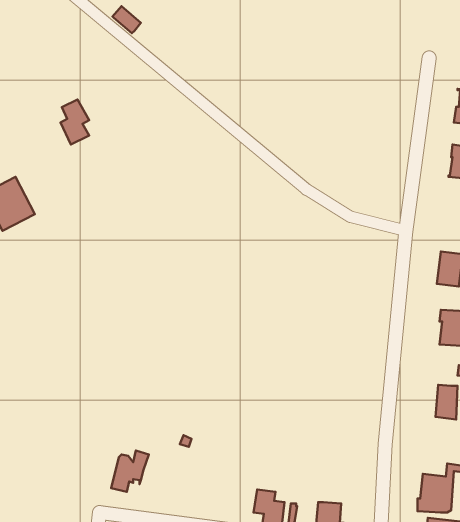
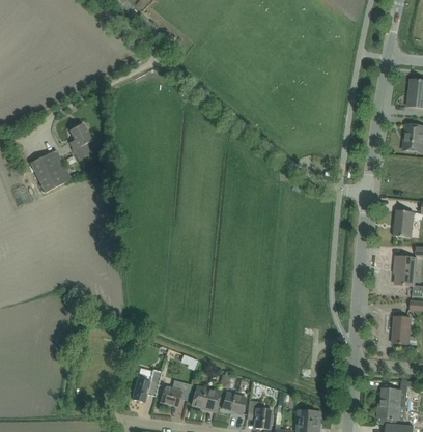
building: [61,99,89,145] -> [68,123,91,160]
building: none -> [156,380,190,406]
building: none -> [191,386,220,411]
building: none -> [221,391,246,414]

